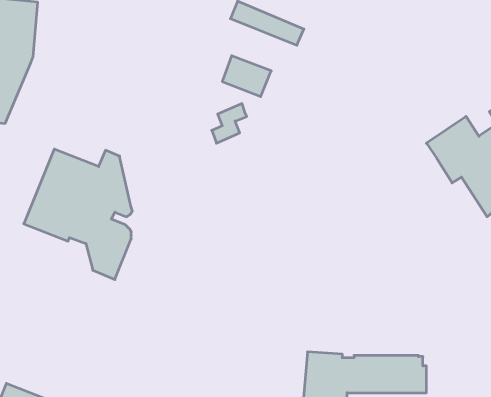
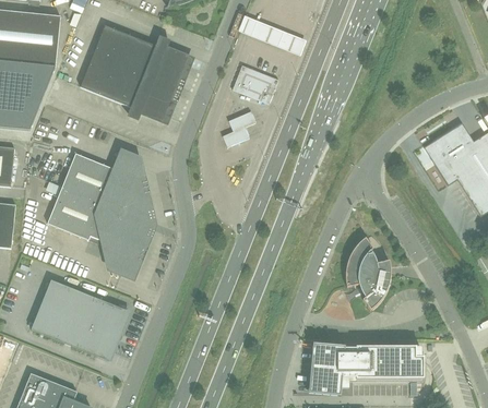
building: none -> [80,25,187,119]
building: none -> [345,237,390,310]
building: none -> [31,279,126,359]

